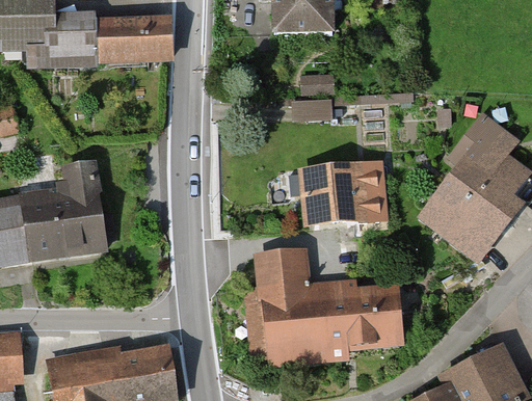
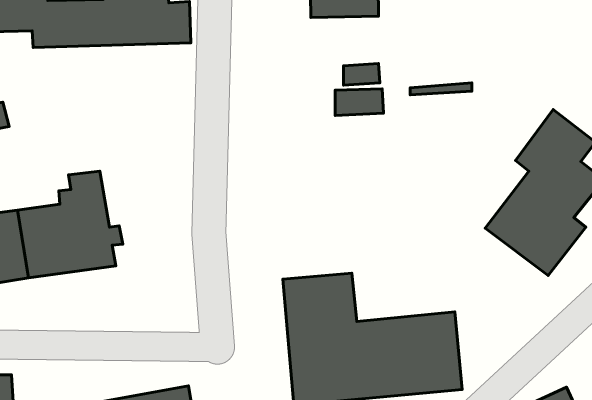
building: [310,164,380,220] -> none

